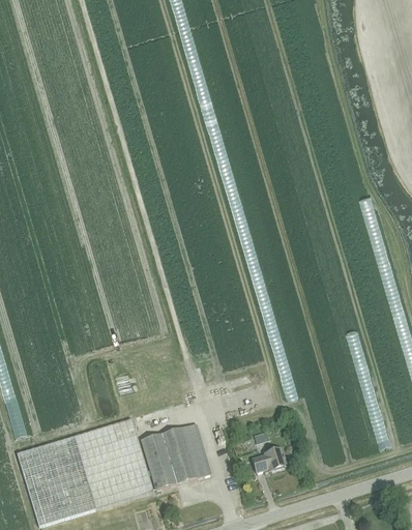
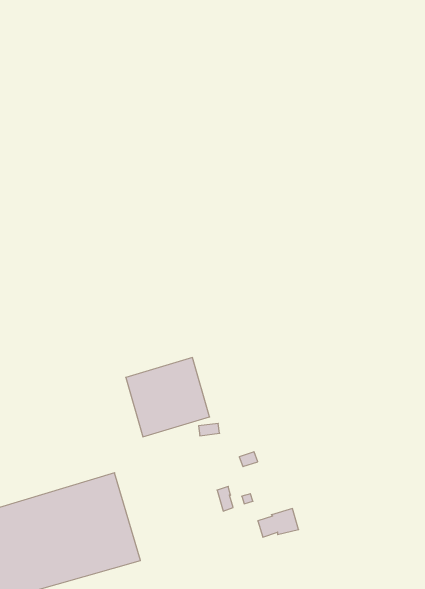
building: [141,422,211,489] -> [126,358,210,437]

